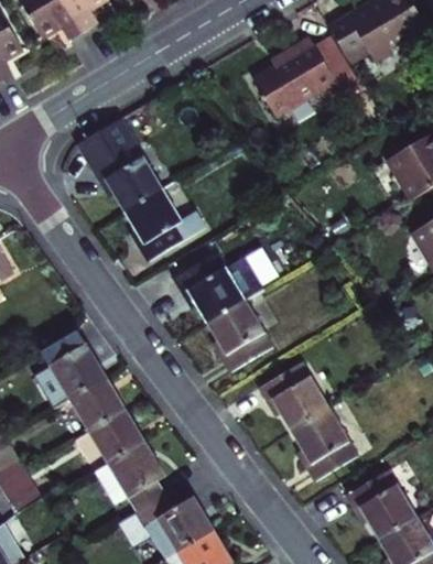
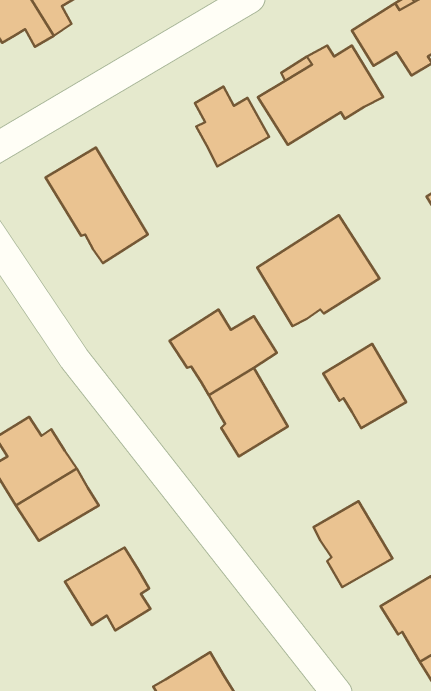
building: none -> [195,87,269,167]
building: none -> [257,215,379,326]
building: [126,191,206,261] -> none
building: [266,359,333,427] -> [323,344,406,428]
building: [74,410,143,471] -> none
building: [116,494,213,551] -> none

